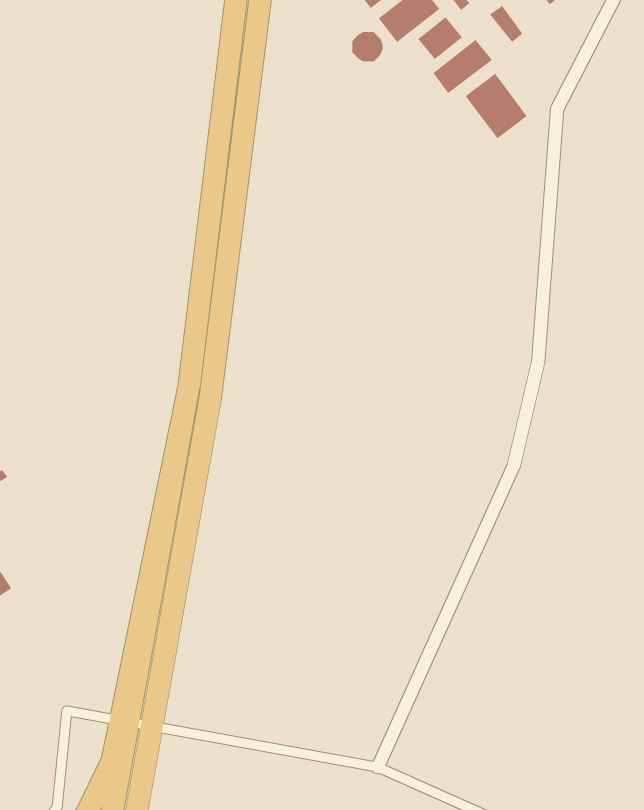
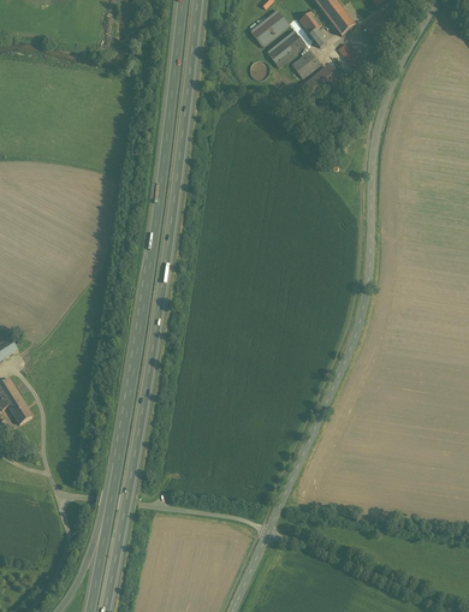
building: [465,73,528,139] -> none

